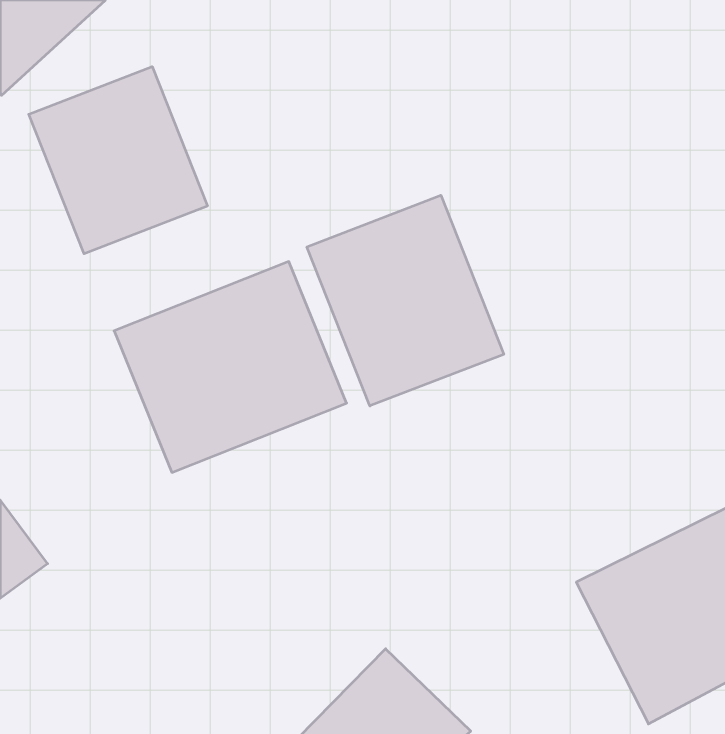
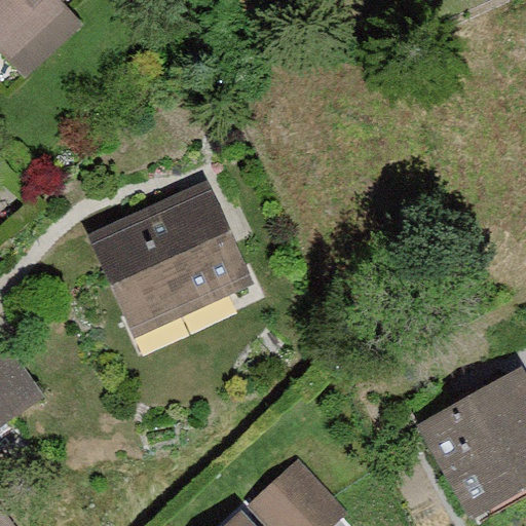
building: [29,67,207,254] -> none
building: [307,195,504,406] -> none

